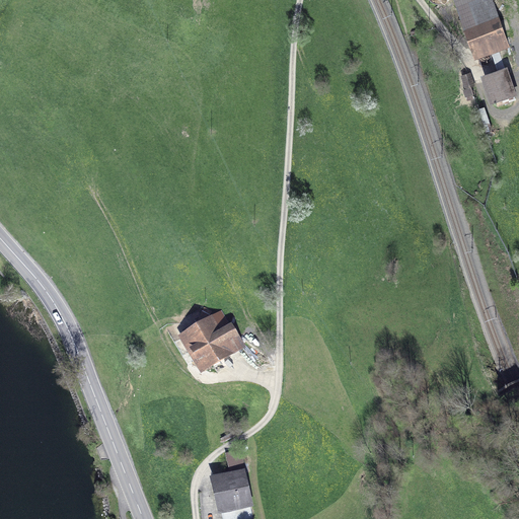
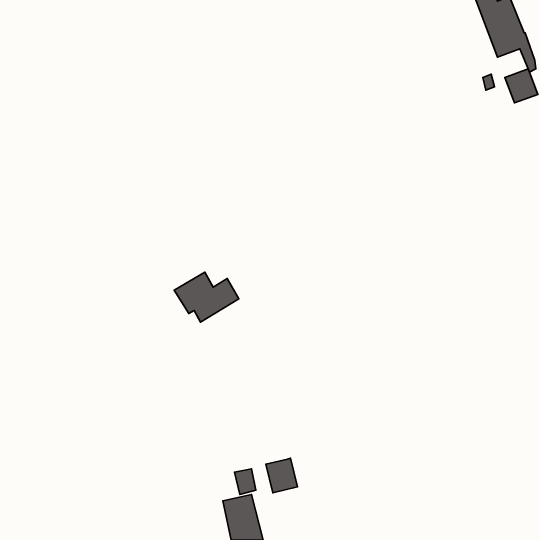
building: [178,319,240,367] -> [174,272,239,322]
building: none -> [266,458,297,493]

